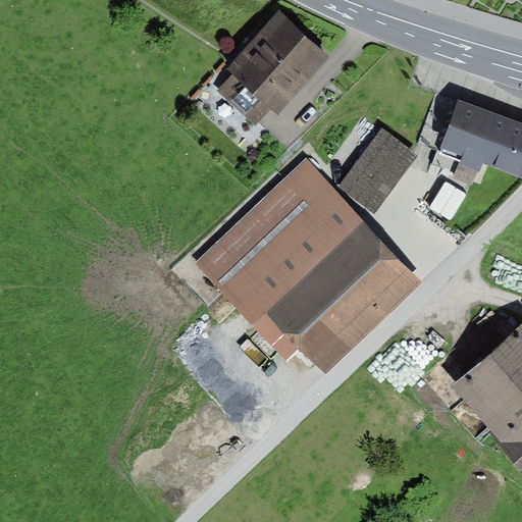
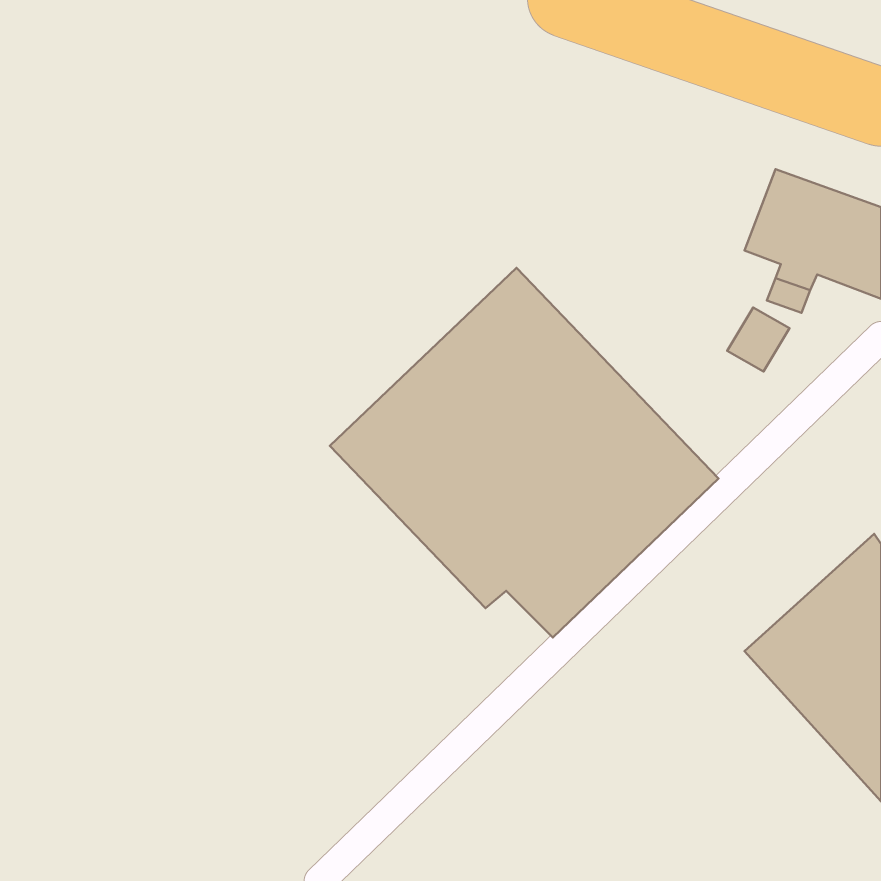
building: [220,9,331,122] -> none
building: [340,128,417,212] -> none

